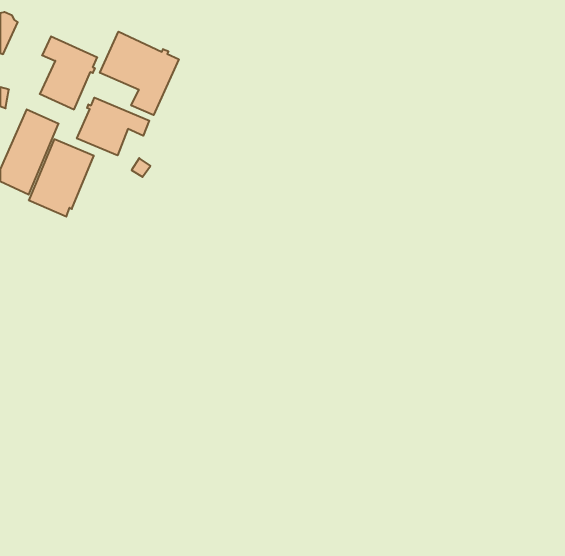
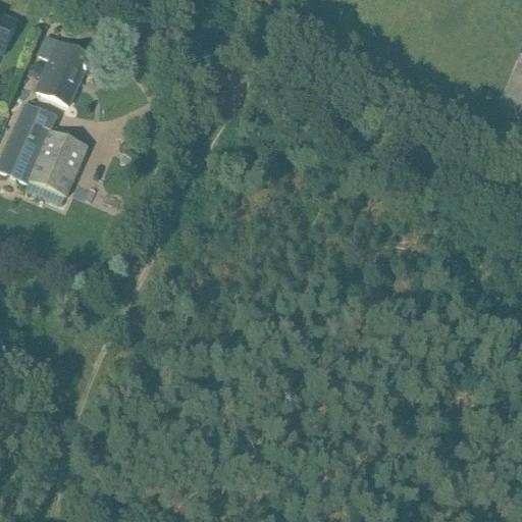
building: [100,32,179,115] -> none
building: [77,98,149,155] -> none

